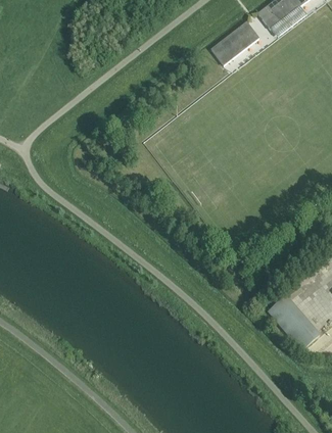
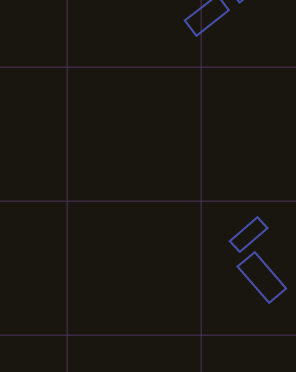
building: none -> [230,217,267,252]

